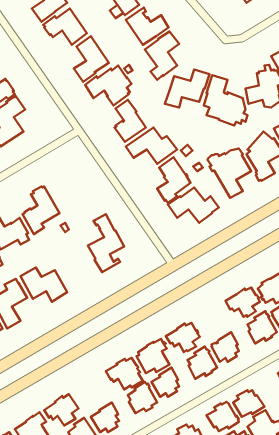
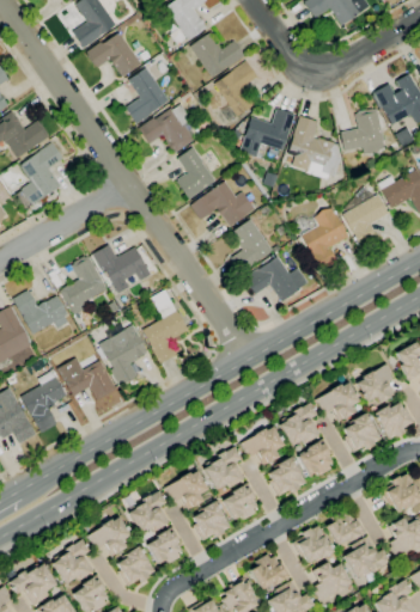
building: none -> [92,244,151,293]
building: none -> [99,325,147,386]
building: none -> [279,403,321,446]
building: none -> [128,491,169,534]

